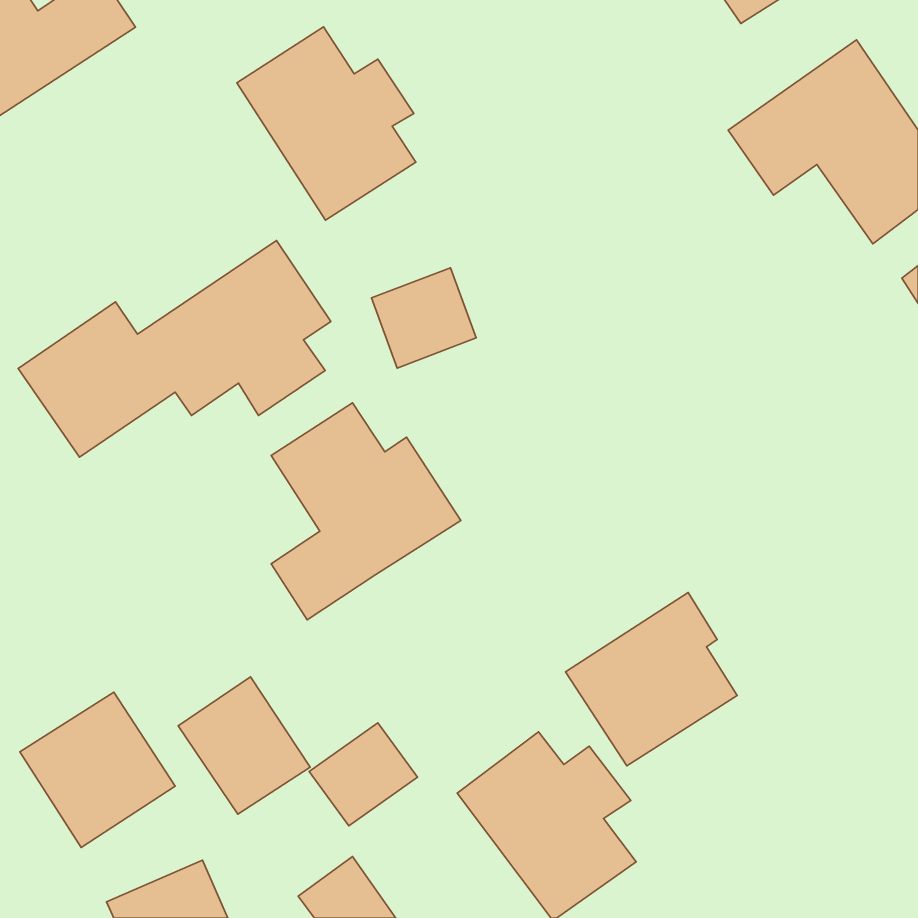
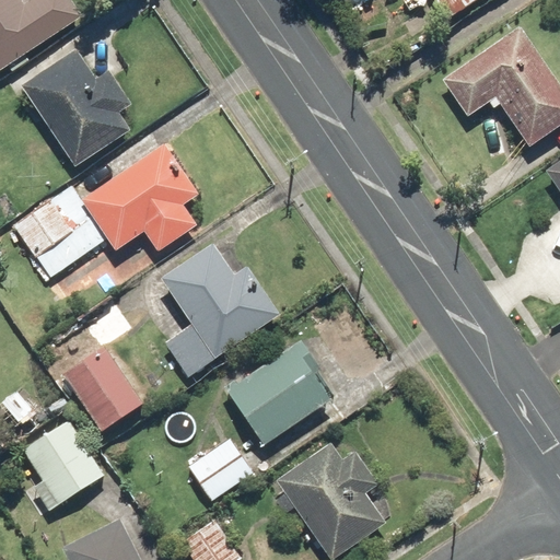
building: [237,27,416,220] -> [23,49,131,166]
building: [371,268,476,368] -> none
building: [565,592,737,766] -> [229,340,332,445]
building: [178,677,310,814] -> [61,348,141,431]

